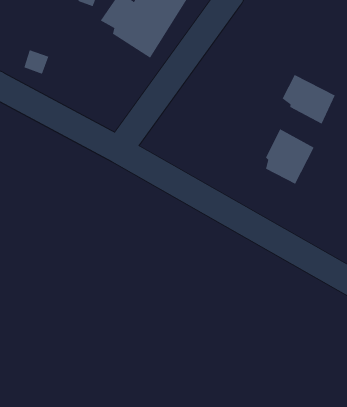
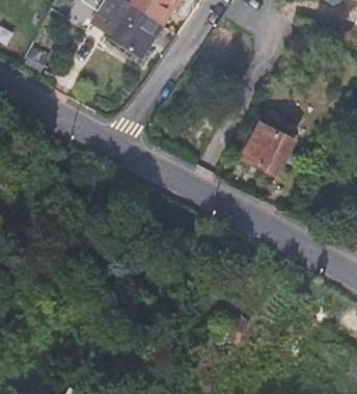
building: [282,74,336,125] -> none

